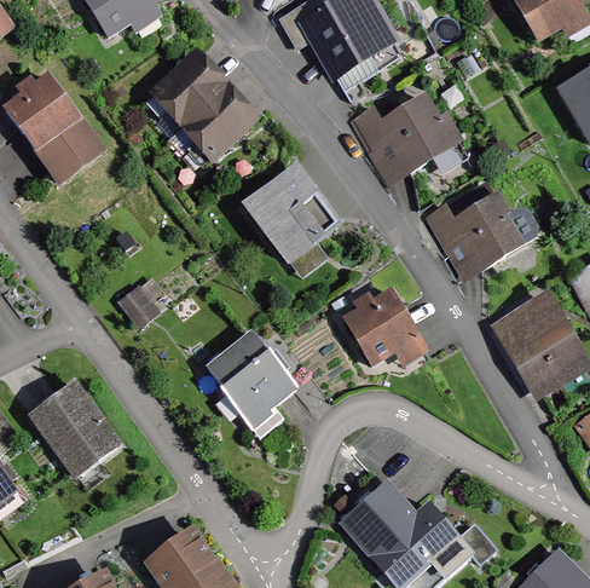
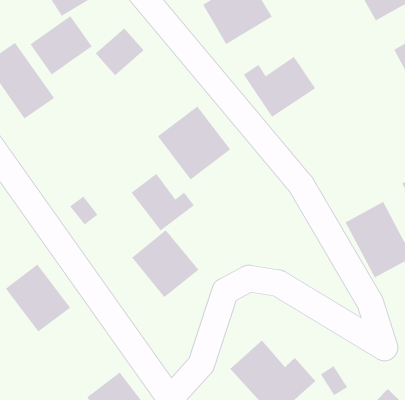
building: none -> [29,15,93,75]
building: [183,87,250,152] -> none
building: [430,186,536,277] -> none
building: none -> [131,173,195,231]
building: [341,286,432,369] -> none

